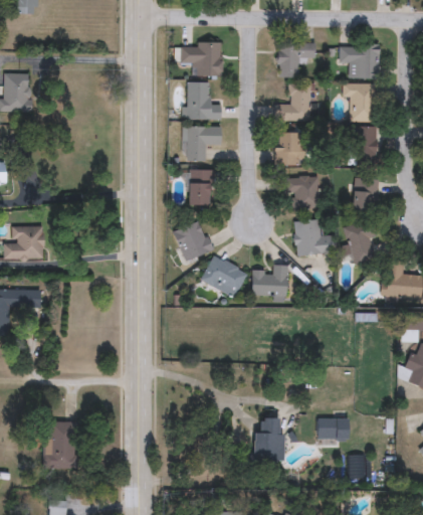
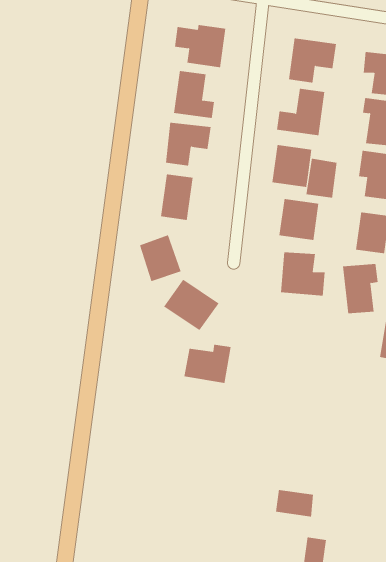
building: none -> [306,158,337,199]
building: [251,265,287,296] -> [184,344,231,383]
building: [253,418,281,465] -> none

